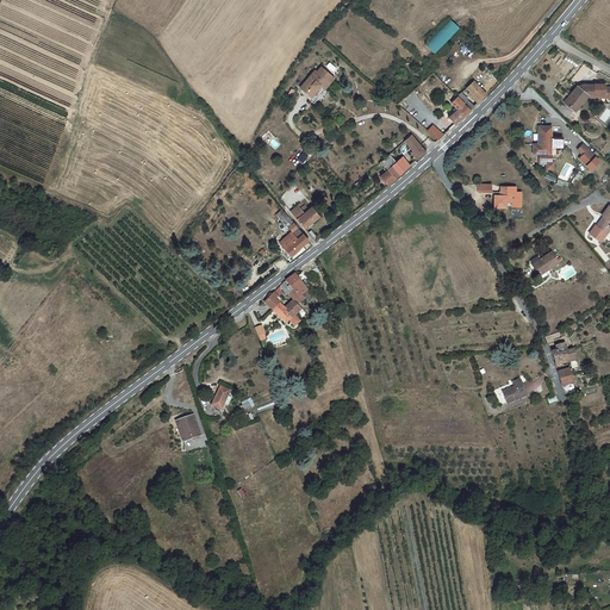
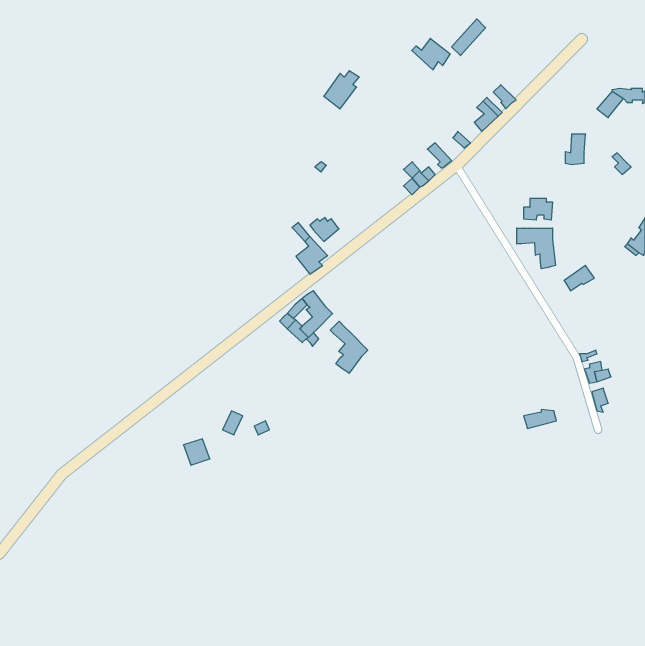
building: none -> [412,38,450,70]
building: none -> [517,228,555,269]
building: none -> [330,321,368,373]

